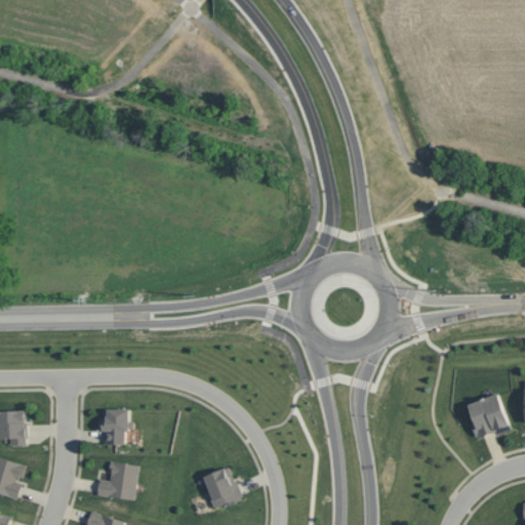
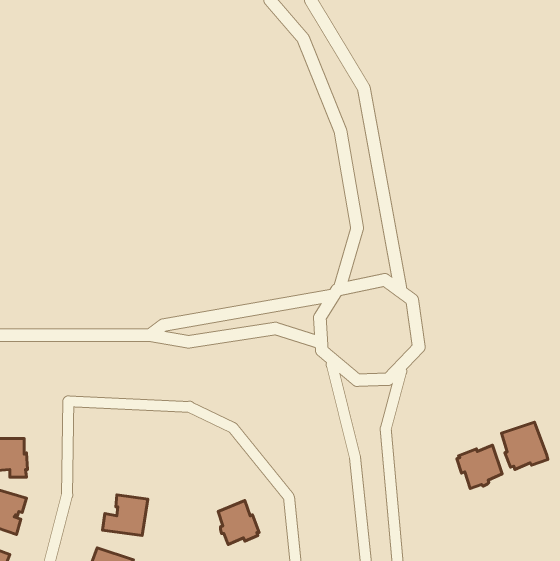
building: [100,410,132,445] -> none
building: none -> [457,445,502,488]

